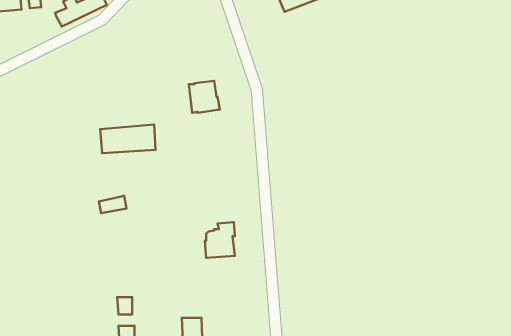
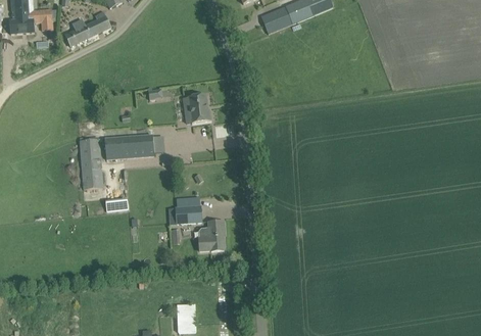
building: none -> [80,138,104,189]
building: none -> [167,205,202,223]

